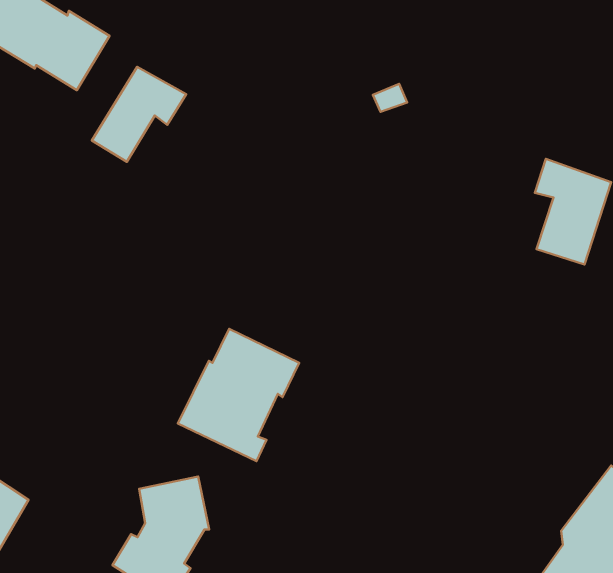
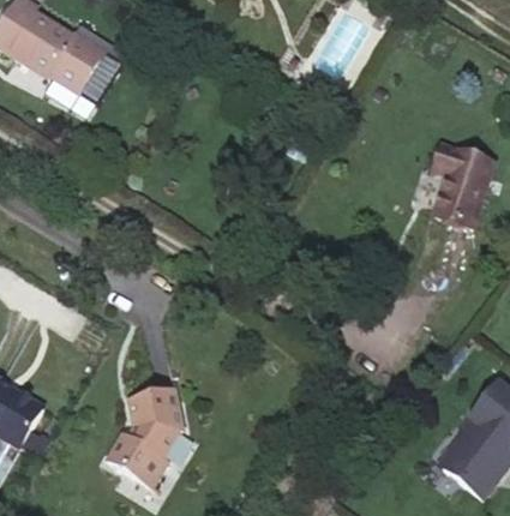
building: [92,67,186,162] -> none
building: [178,329,299,461] -> none

